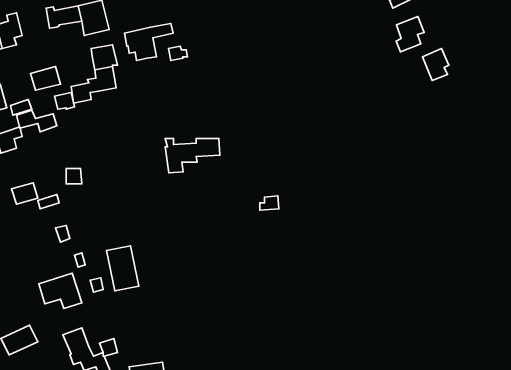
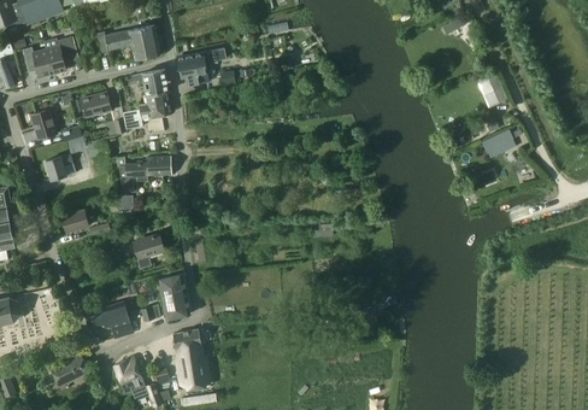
building: [396,16,424,52] -> none
building: none -> [483,128,518,157]
building: [165,139,220,173] -> [116,157,171,192]
building: none -> [134,234,164,268]
building: none -> [172,329,207,385]

